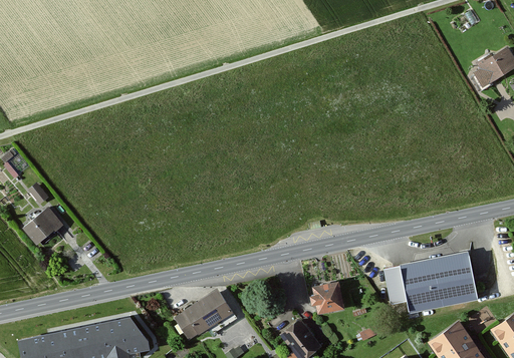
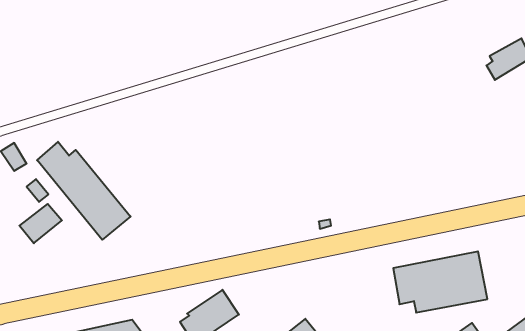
building: none -> [37,142,131,240]
building: [306,279,343,313] -> none

